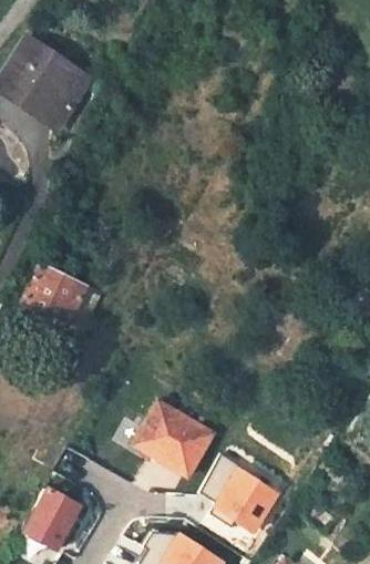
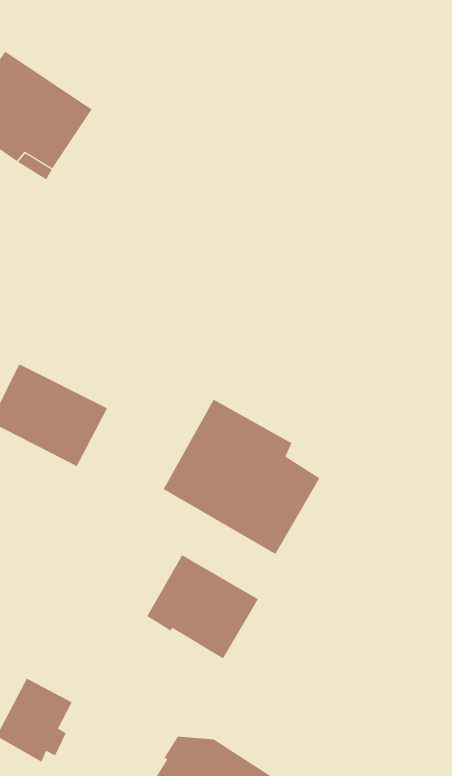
building: none -> [163,399,320,555]
building: [201,452,276,530] -> none

